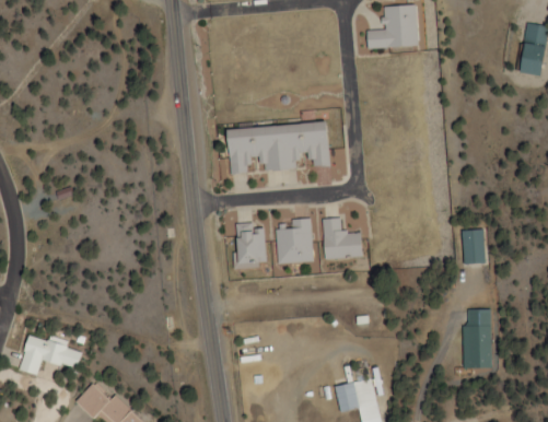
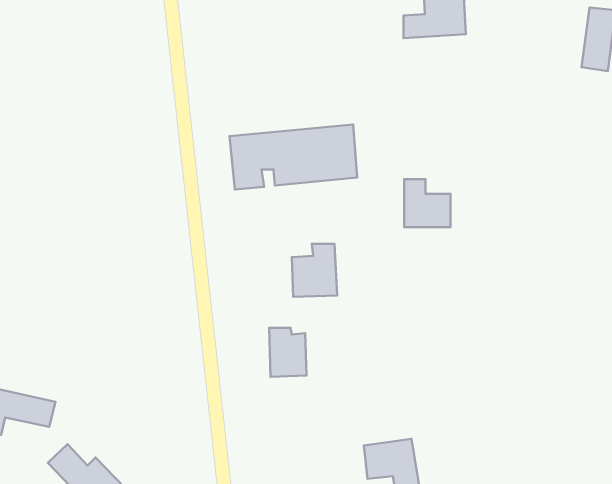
building: [325,219,363,258] -> [404,179,451,227]
building: [235,223,266,263] -> [269,328,306,377]
building: [460,230,483,265] -> none
building: [463,309,490,368] -> none

